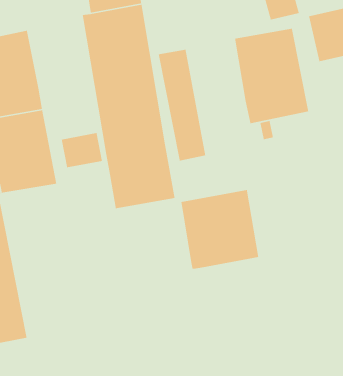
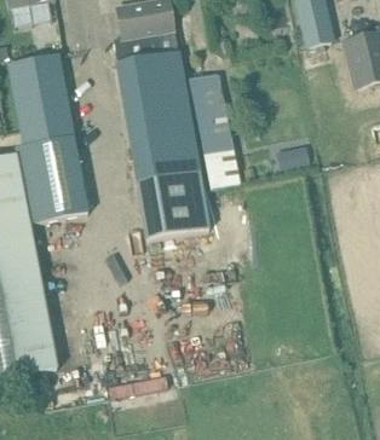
building: [234,28,309,124] -> none
building: [61,132,103,168] -> none
building: [181,189,259,270] -> none

